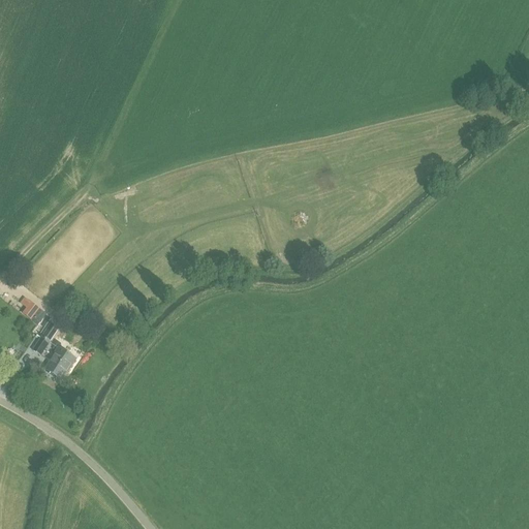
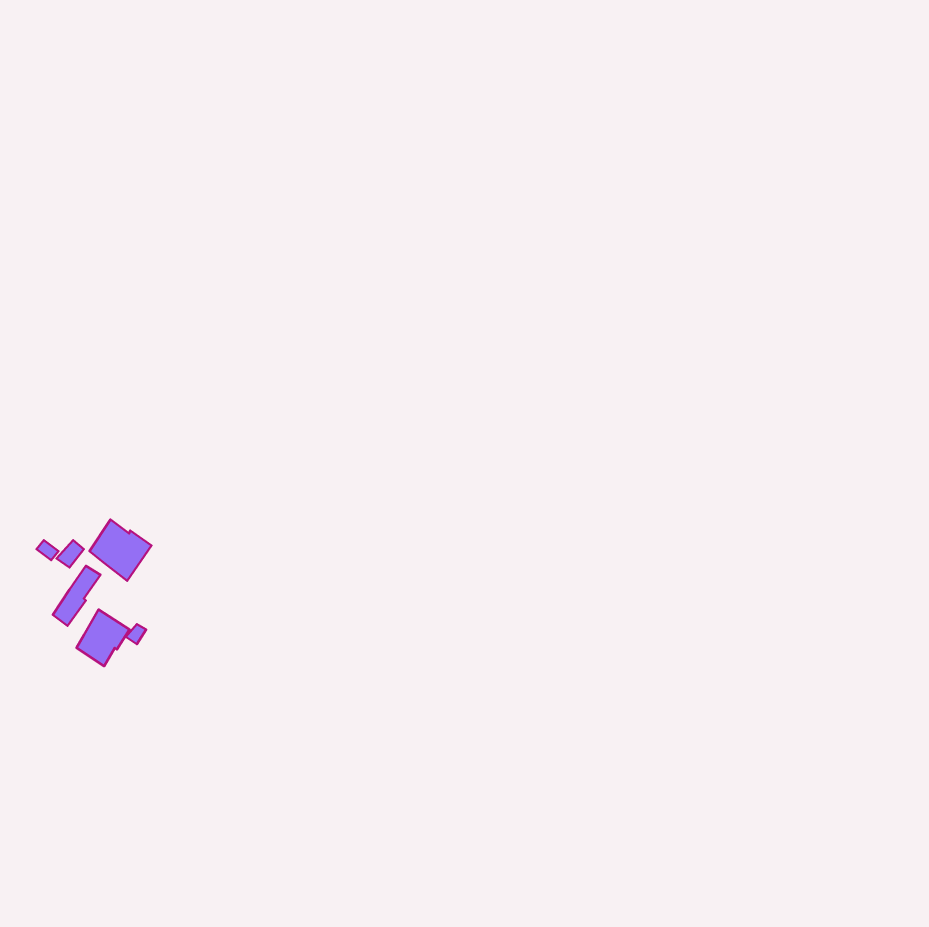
building: none -> [89,520,151,581]

